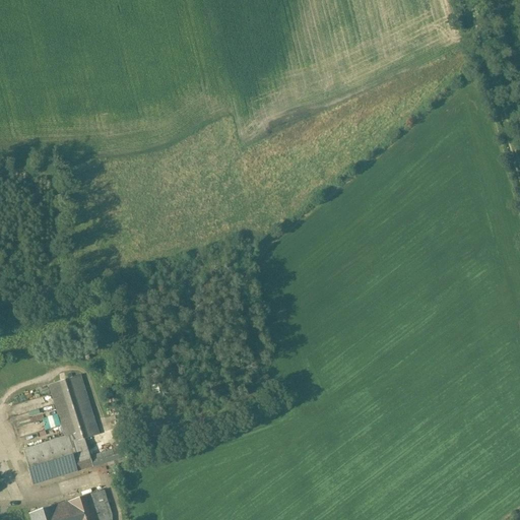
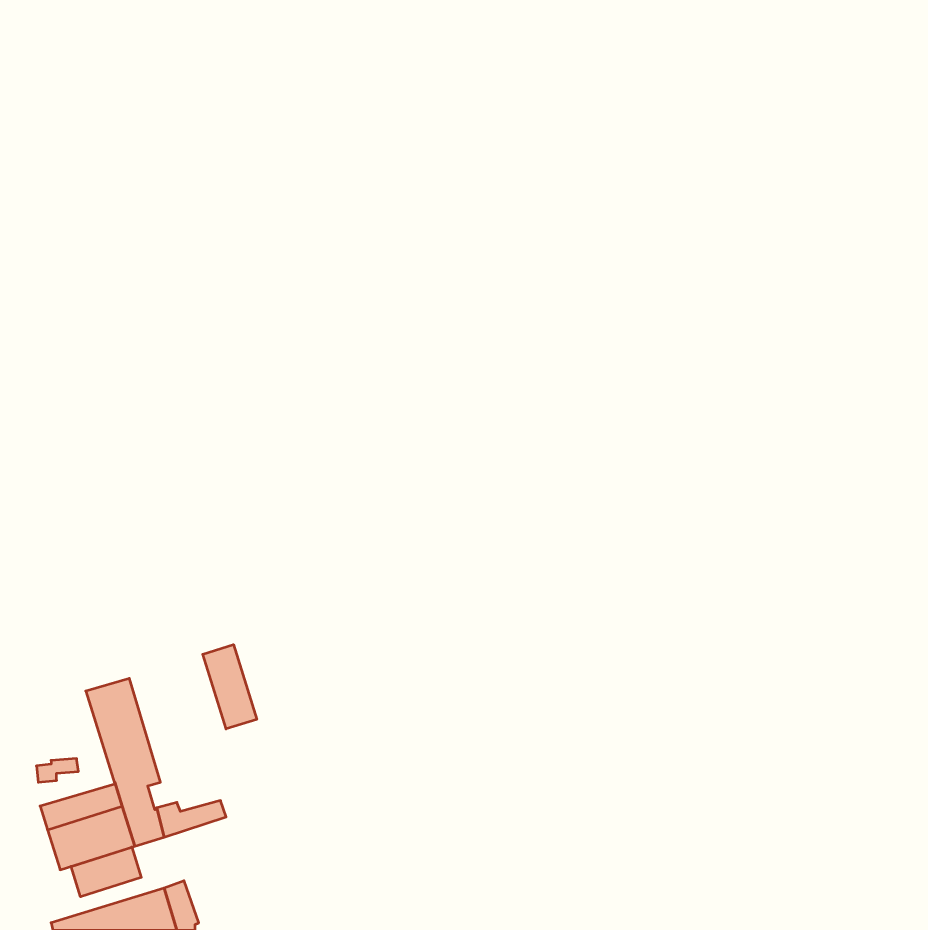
building: none -> [203,645,257,729]
building: none -> [71,847,141,897]

